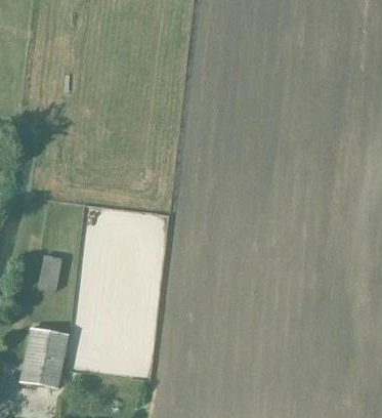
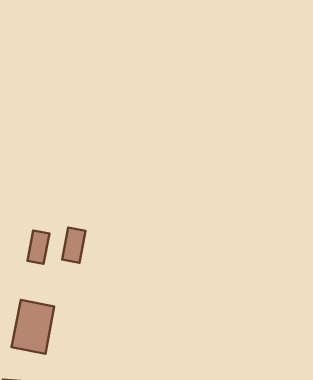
building: none -> [62,227,85,263]

